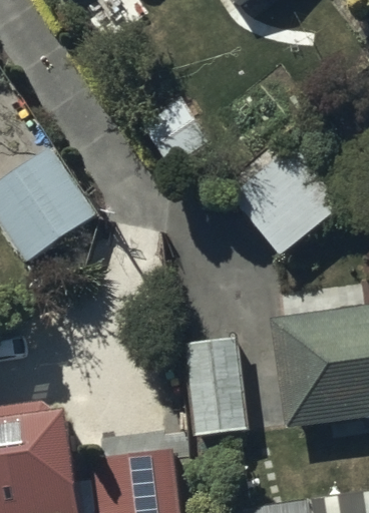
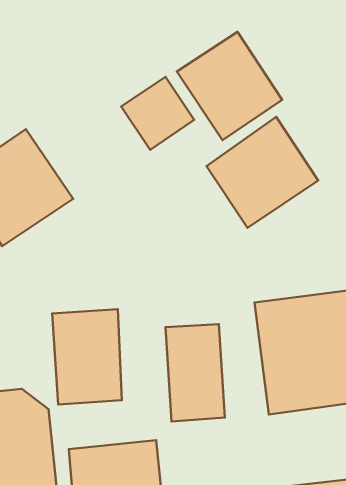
building: none -> [177,32,282,140]
building: none -> [52,309,122,404]

